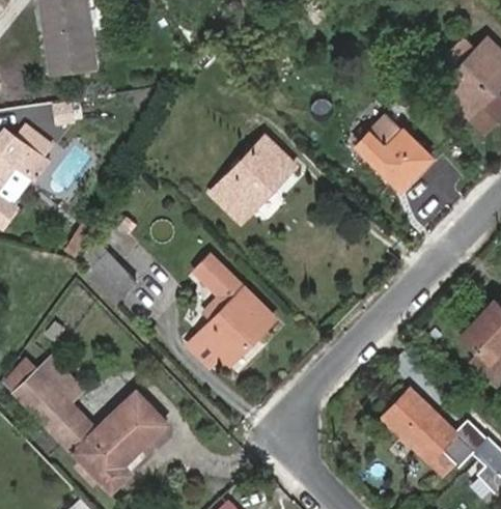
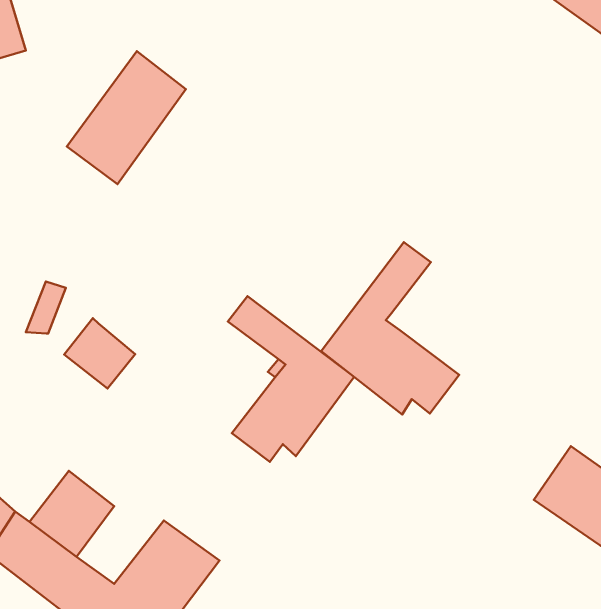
building: [355,114,432,191] -> none
building: [212,138,296,223] -> [67,51,186,184]
building: none -> [321,242,459,415]

